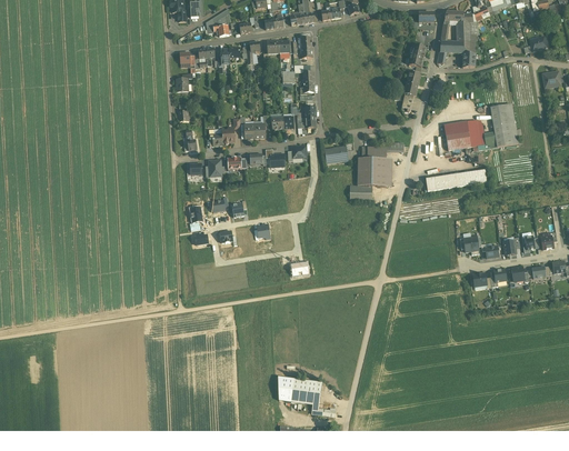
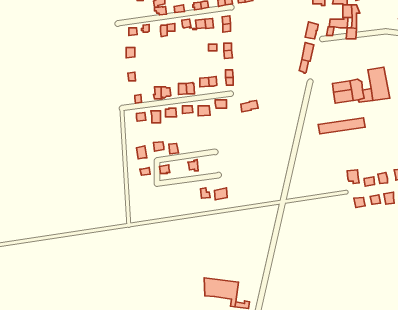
building: [350,141,403,200] -> none

